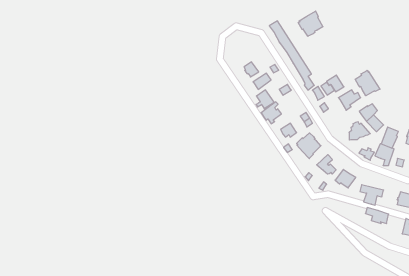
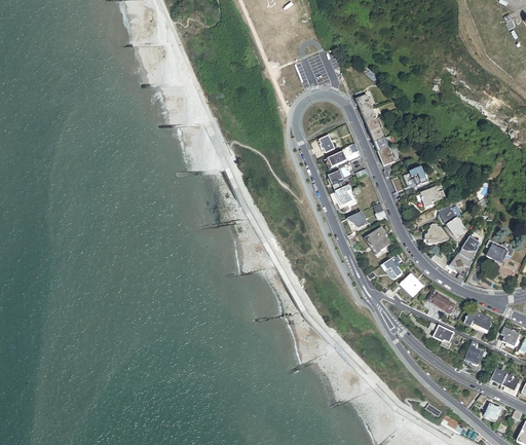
building: [298,11,323,36] -> none
building: [355,70,380,96] -> none

